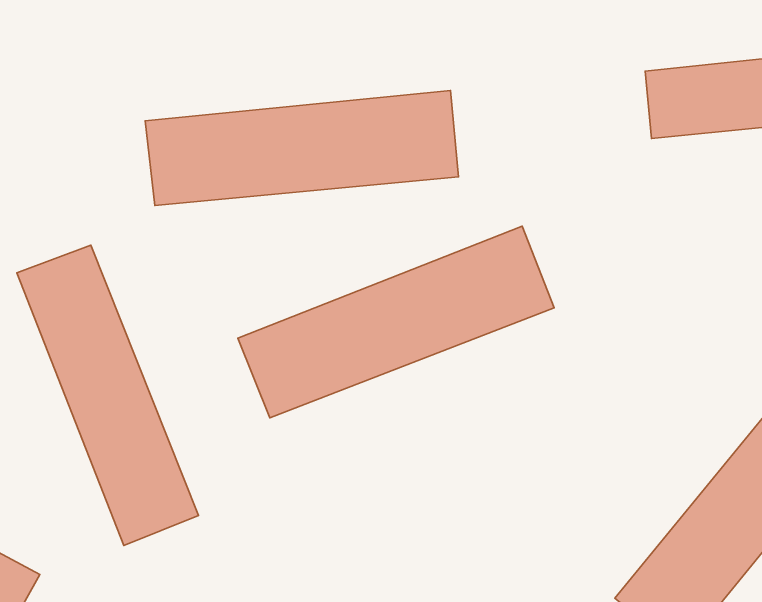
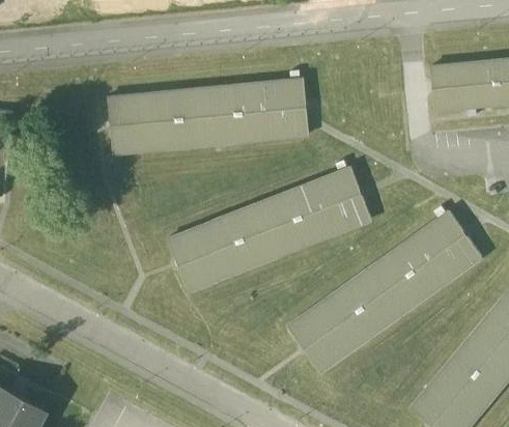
building: [17,245,198,545] -> none
building: none -> [289,210,483,372]

